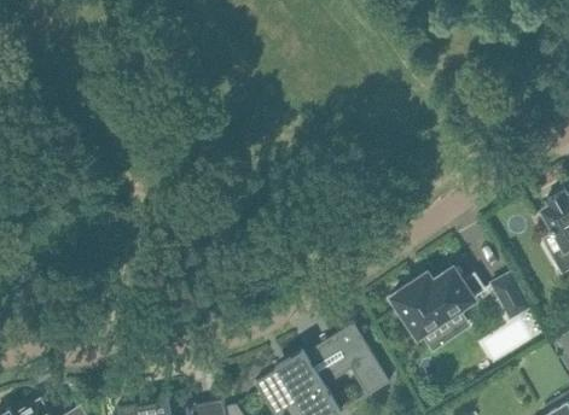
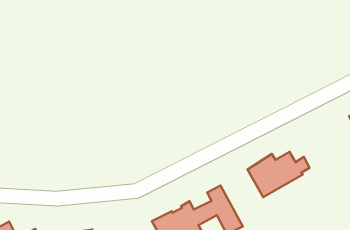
building: [488,271,530,320] -> none

